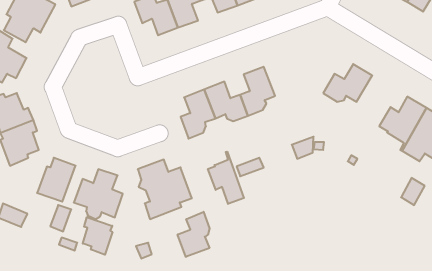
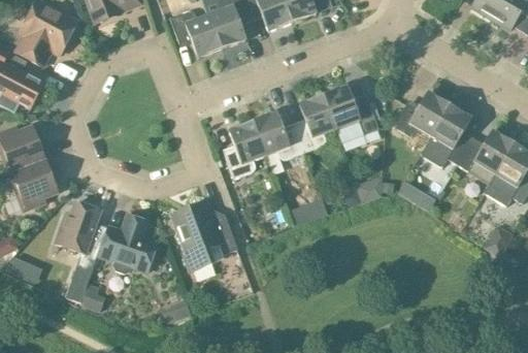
building: none -> [322,86,378,136]
building: none -> [431,104,471,164]
building: [208,152,244,204] -> none
building: [178,212,210,257] -> none
building: [83,217,112,255] -> none

